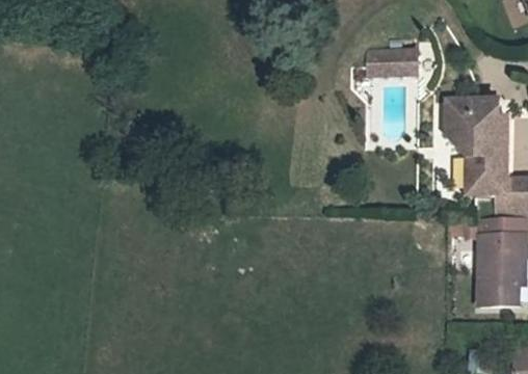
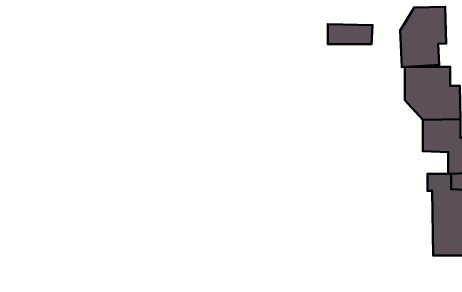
building: none -> [400,7,446,67]

